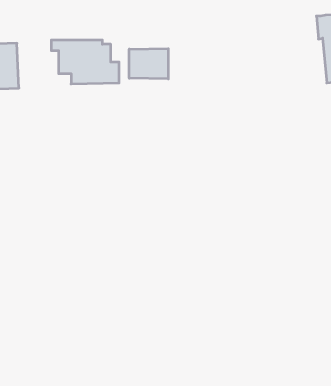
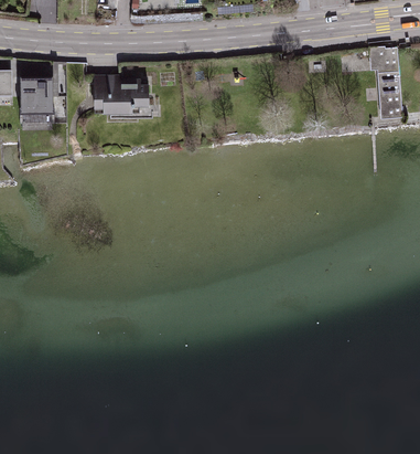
building: [129,49,168,79] -> none

